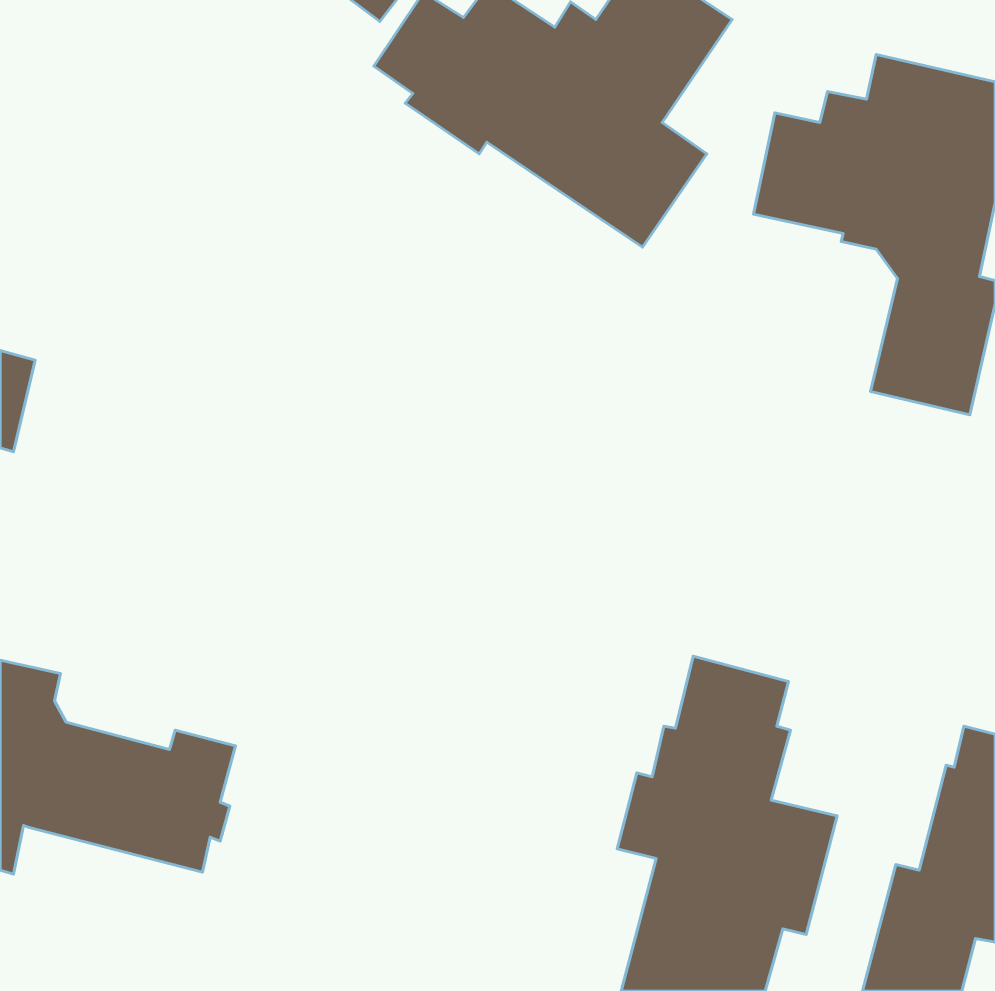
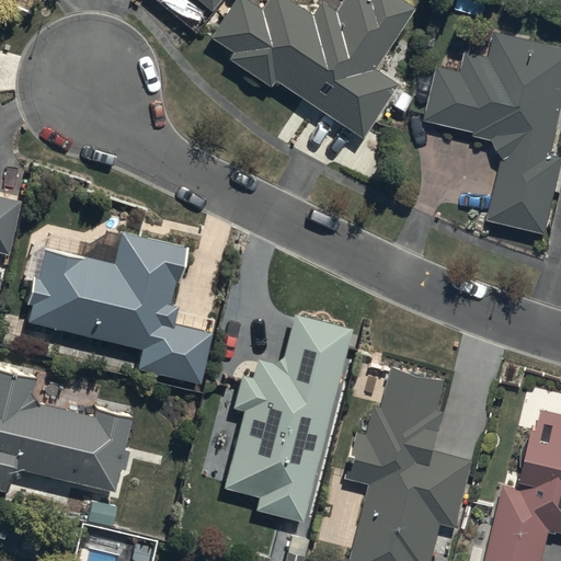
building: none -> [27,234,209,383]
building: none -> [221,316,348,524]

